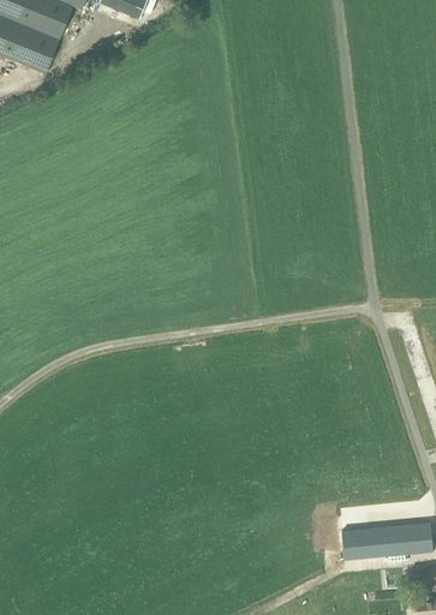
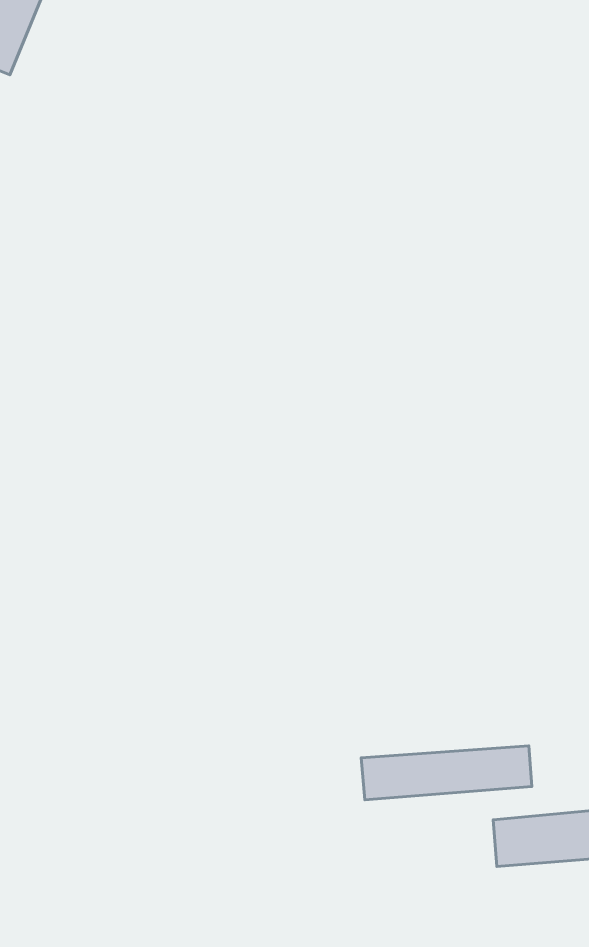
building: none -> [361,746,532,800]

